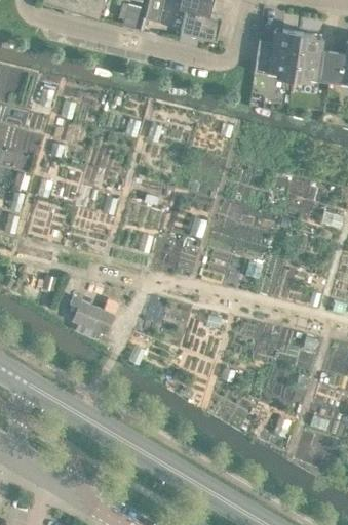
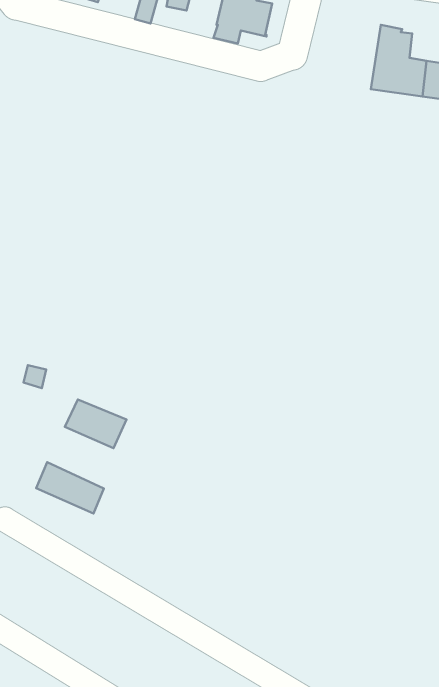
building: [253,29,297,77] -> none
building: none -> [36,462,104,514]

